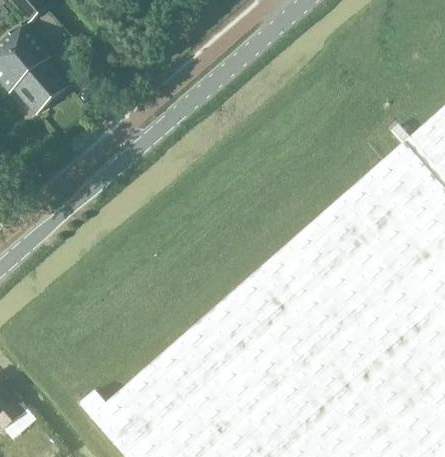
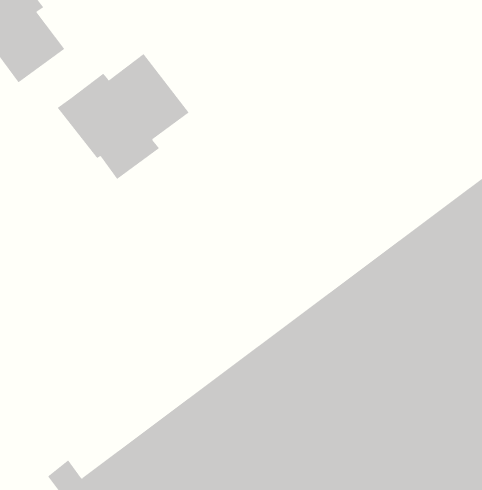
building: none -> [57,53,189,180]

